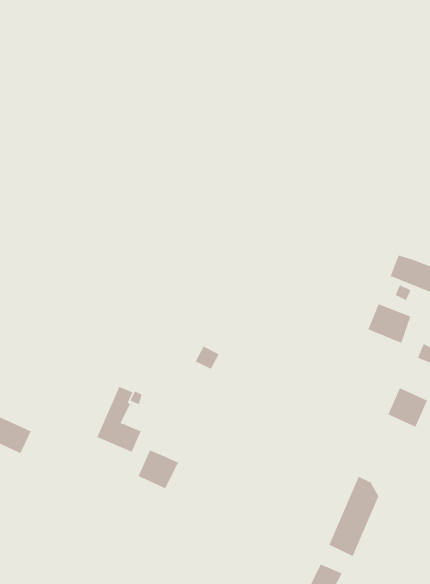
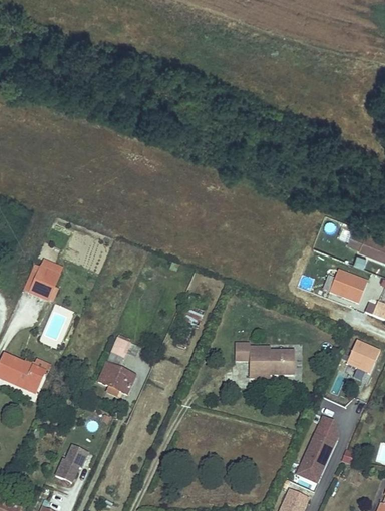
building: none -> [30,271,60,304]
building: none -> [237,343,297,376]
building: [138,449,179,489] -> none
building: none -> [55,444,88,483]

